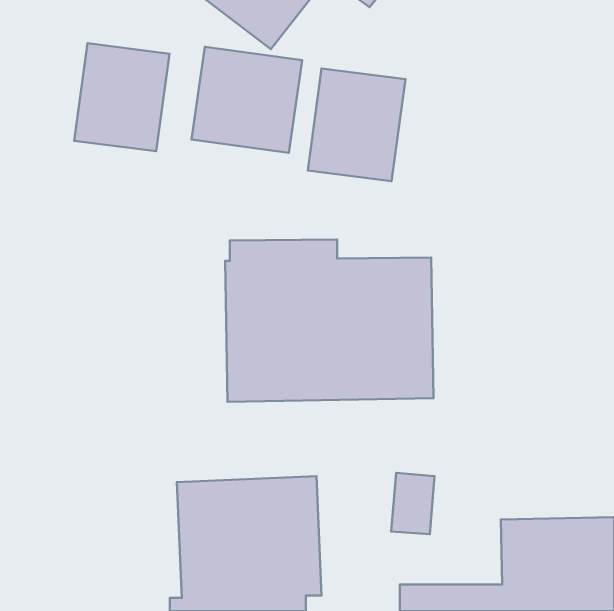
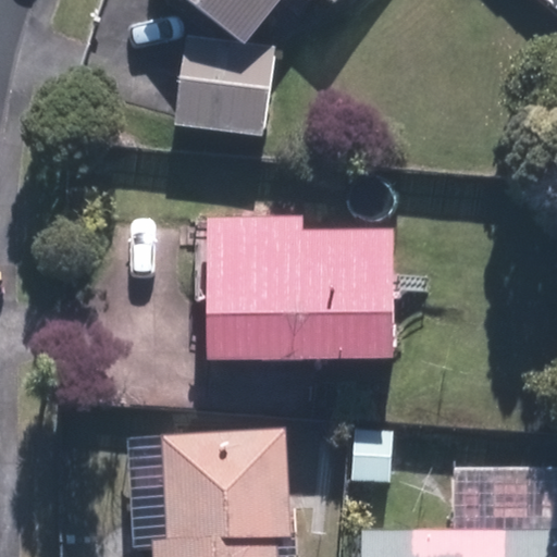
building: [74,43,169,151] -> none
building: [308,69,405,181] -> none

